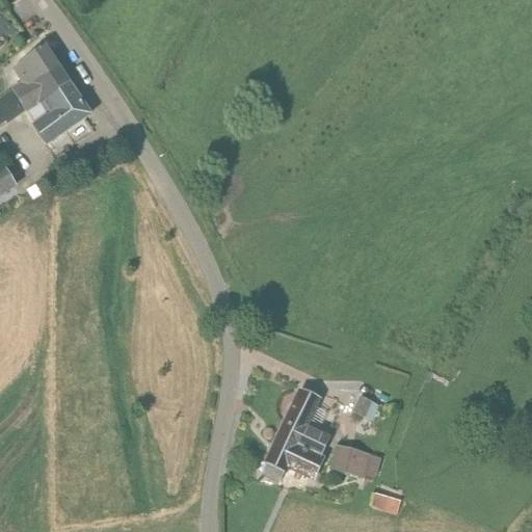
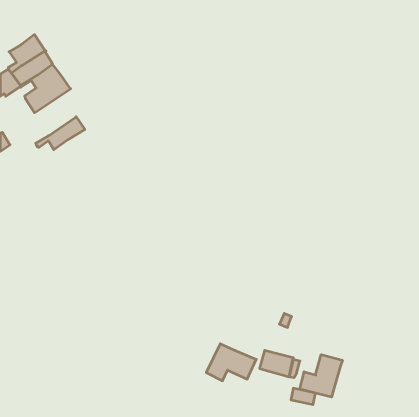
building: none -> [36,117,85,150]
building: [280,388,325,451] -> none
building: none -> [300,355,342,397]

